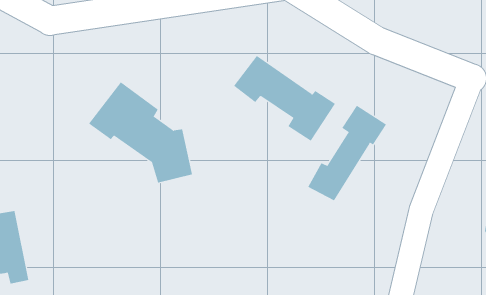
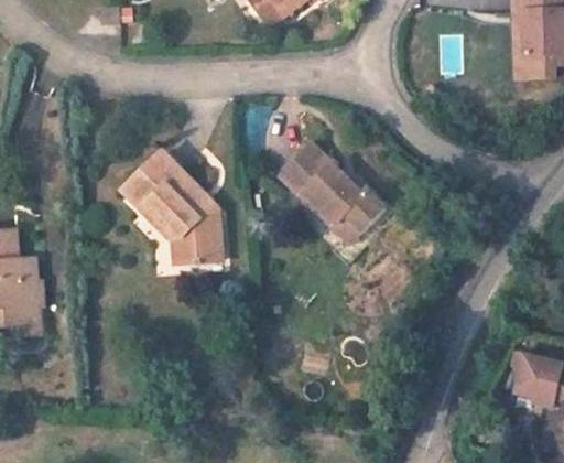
building: [307,105,387,201] -> none

